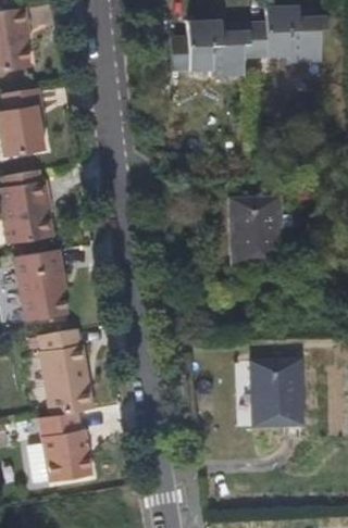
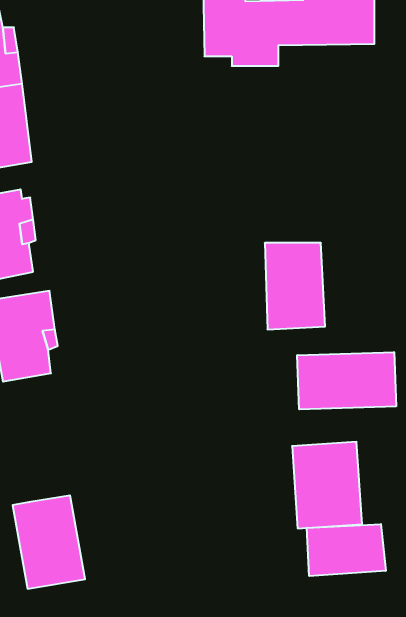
building: none -> [297,352,396,409]
building: [33,329,94,416] -> none
building: none -> [307,524,386,576]

